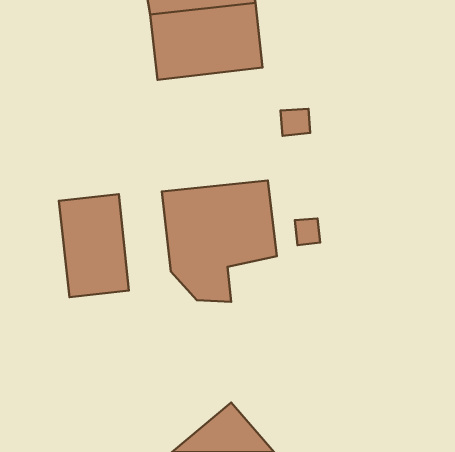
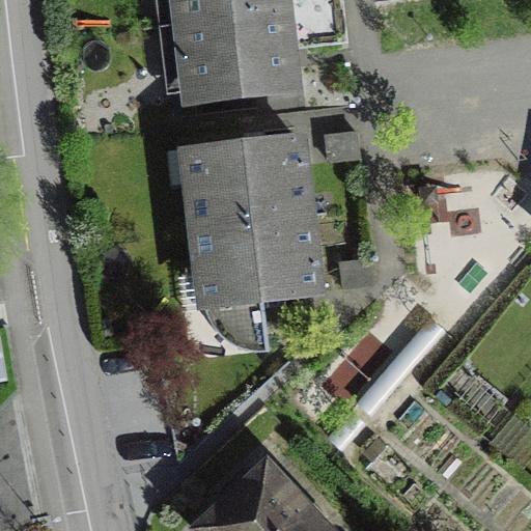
building: none -> [181,136,309,221]
building: [59,194,129,297] -> none

